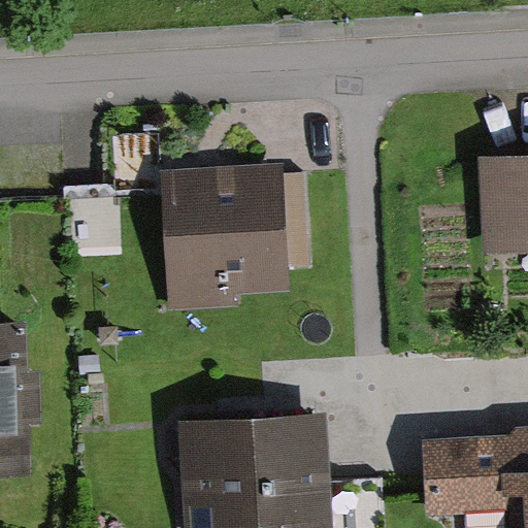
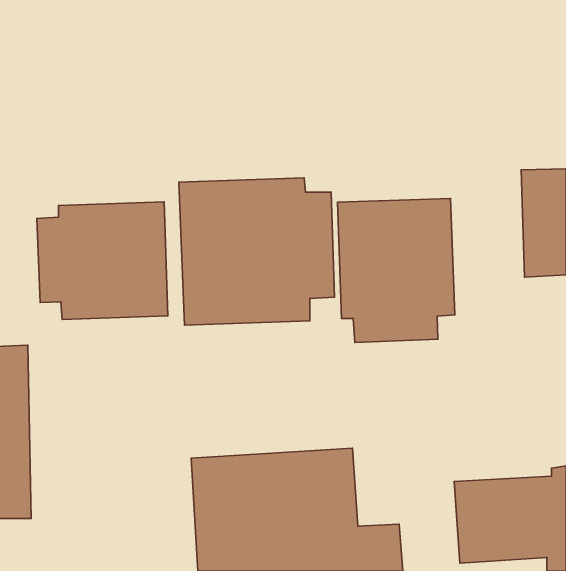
building: none -> [337,199,455,342]
building: none -> [37,202,168,320]

